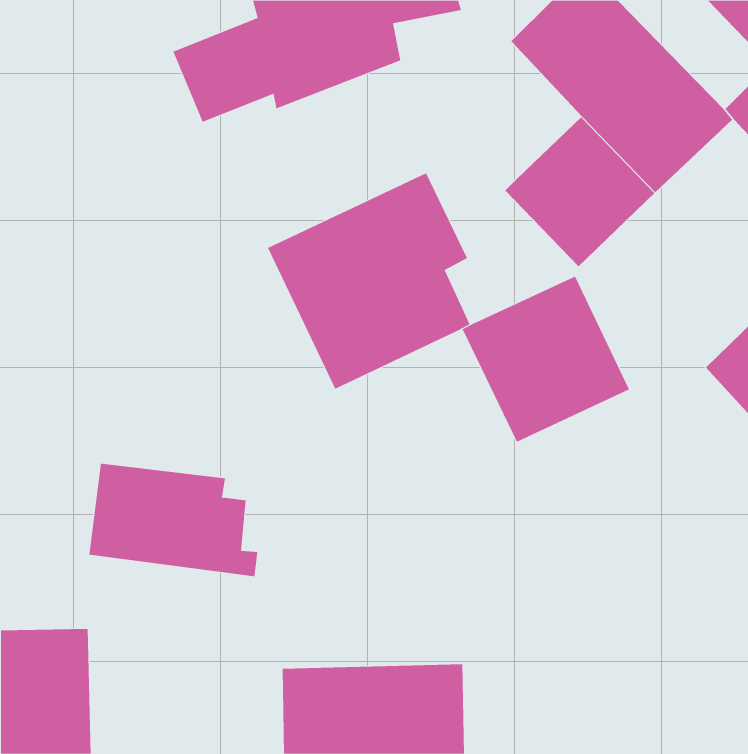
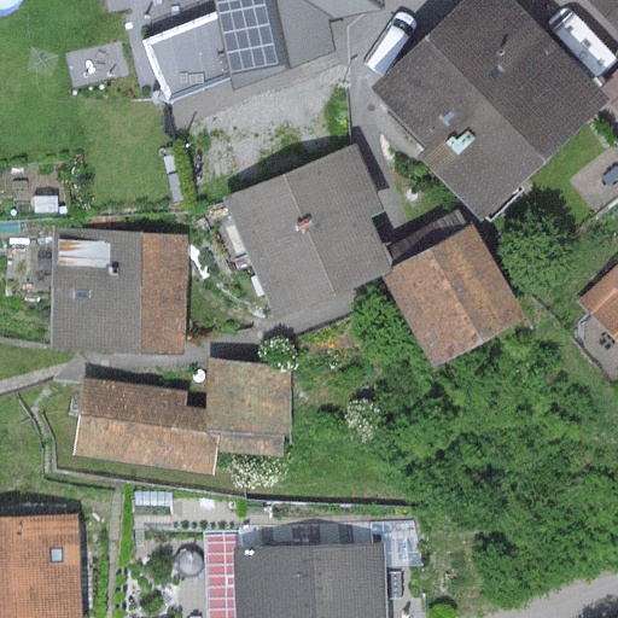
building: none -> [368,34,480,146]
building: none -> [52,231,188,354]
building: none -> [203,358,292,457]

